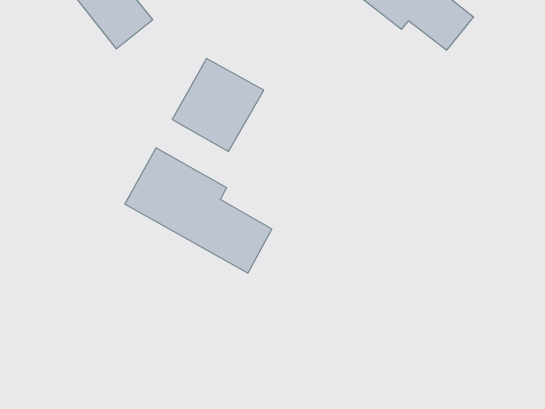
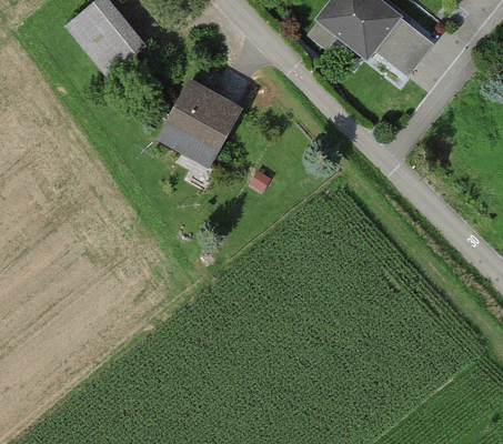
building: [125,148,272,273] -> none

